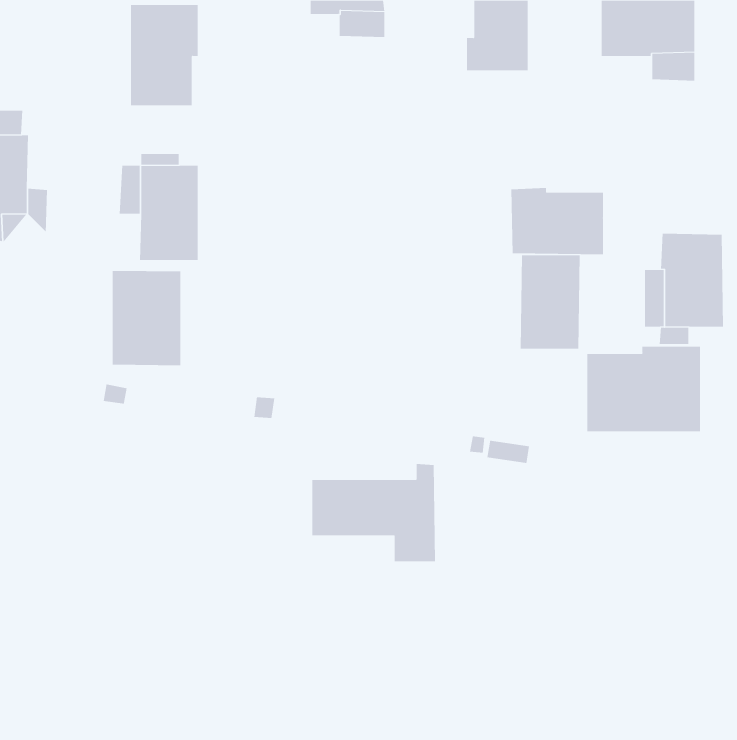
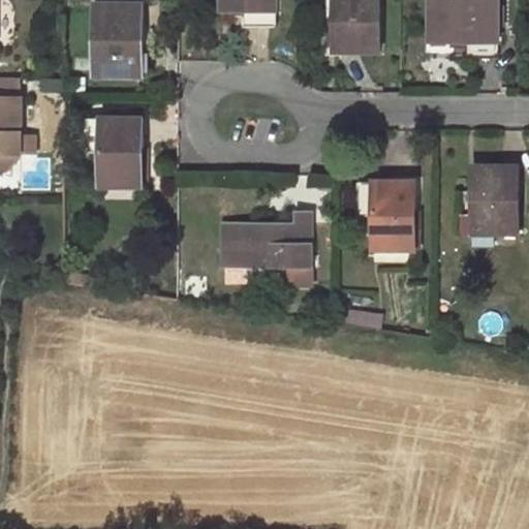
building: [511,187,604,255] -> none
building: [112,270,181,366] -> none
building: [587,346,700,432] -> none
building: [311,464,436,562] -> [221,213,310,283]

